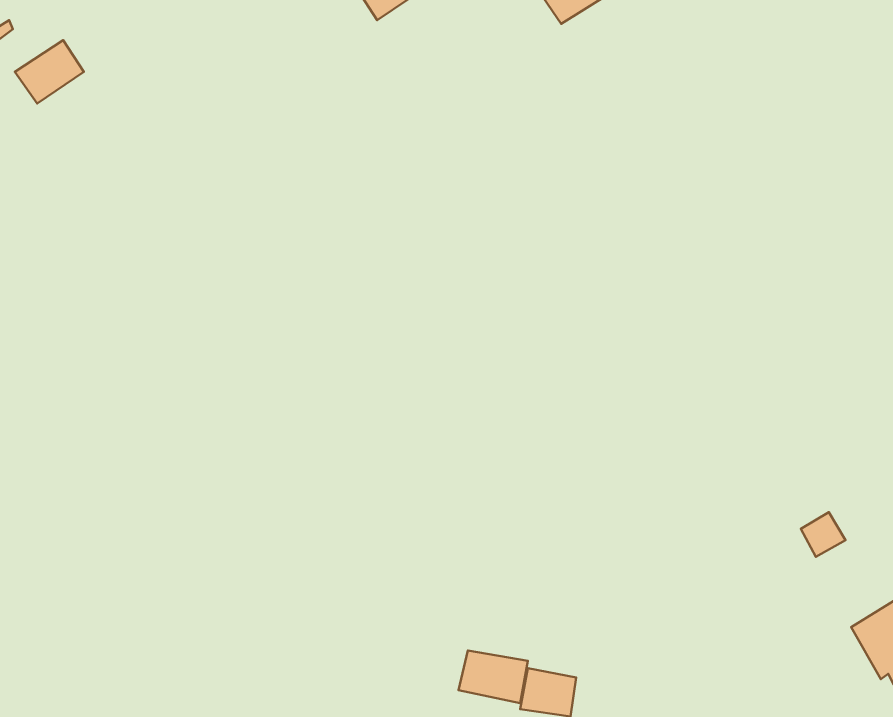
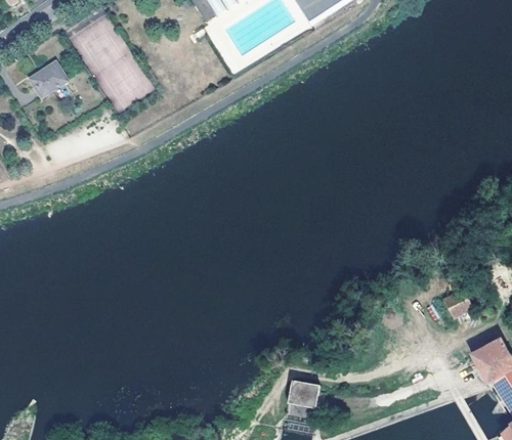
building: [15,40,84,103] -> [33,59,71,94]
building: [459,650,528,703] -> none

